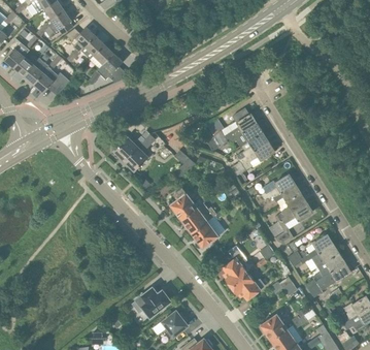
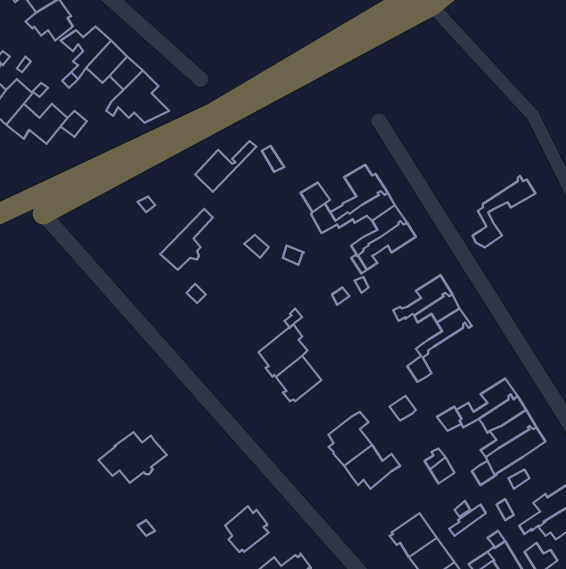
building: [113,131,149,161] -> [195,141,257,192]
building: [169,188,197,219] -> none
building: [275,201,312,244] -> [472,176,535,248]
building: [131,287,171,317] -> [98,432,167,483]

